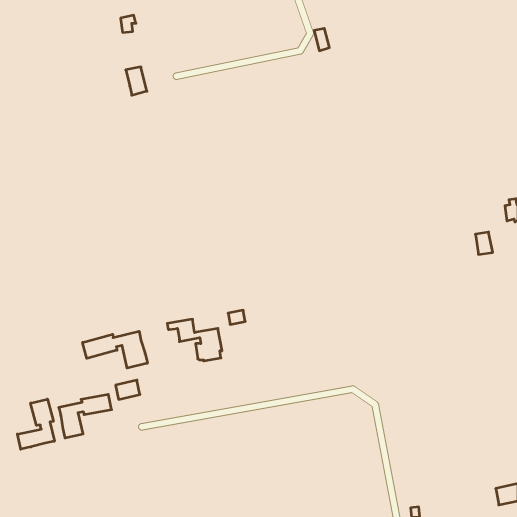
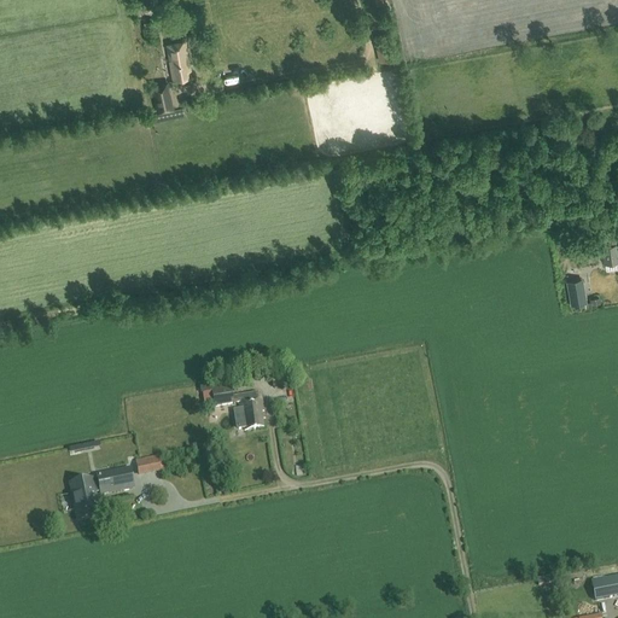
building: none -> [168,40,191,78]
building: [83,331,147,368] -> none
building: [17,399,54,449] -> none

